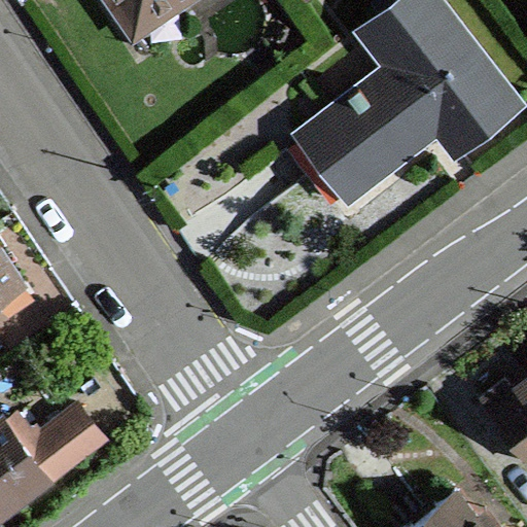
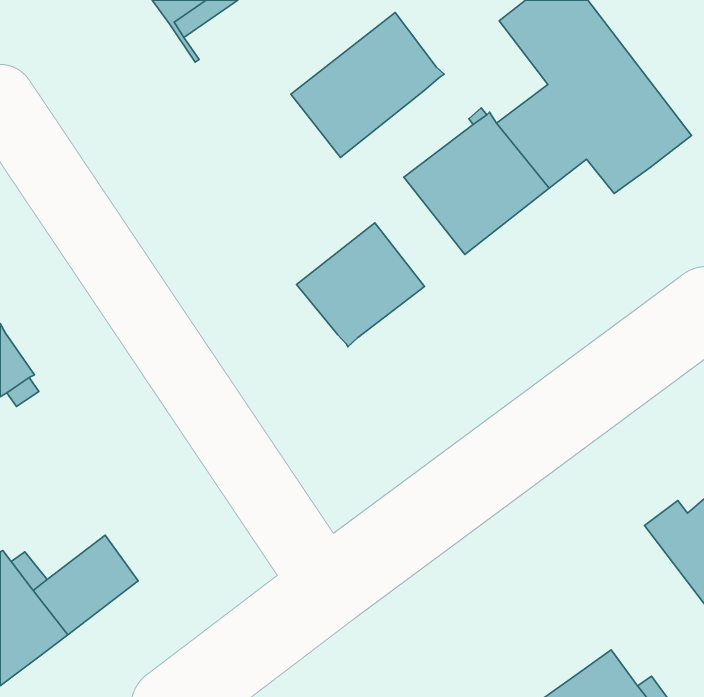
building: none -> [291,12,444,158]
building: none -> [296,223,425,347]

